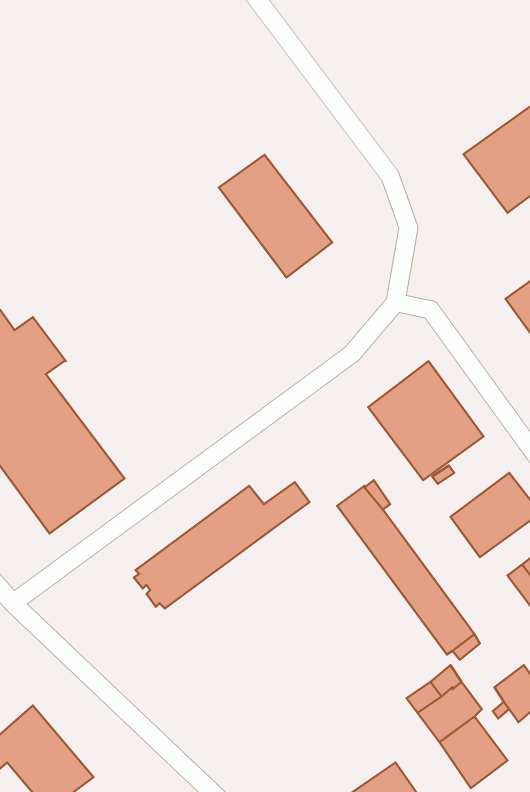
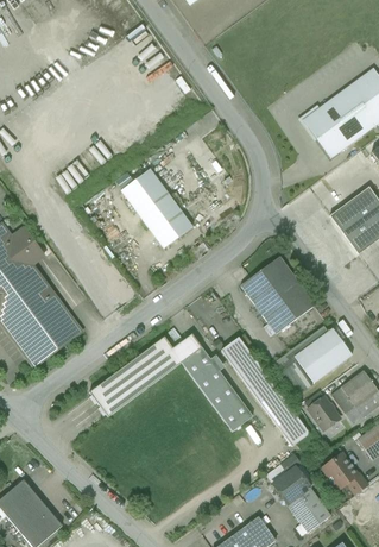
building: [219,155,332,277] -> [119,169,192,249]
building: none -> [181,347,254,433]
building: none -> [308,397,339,430]

